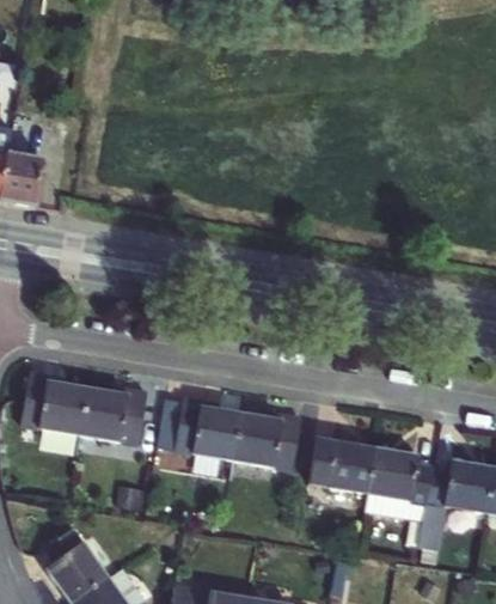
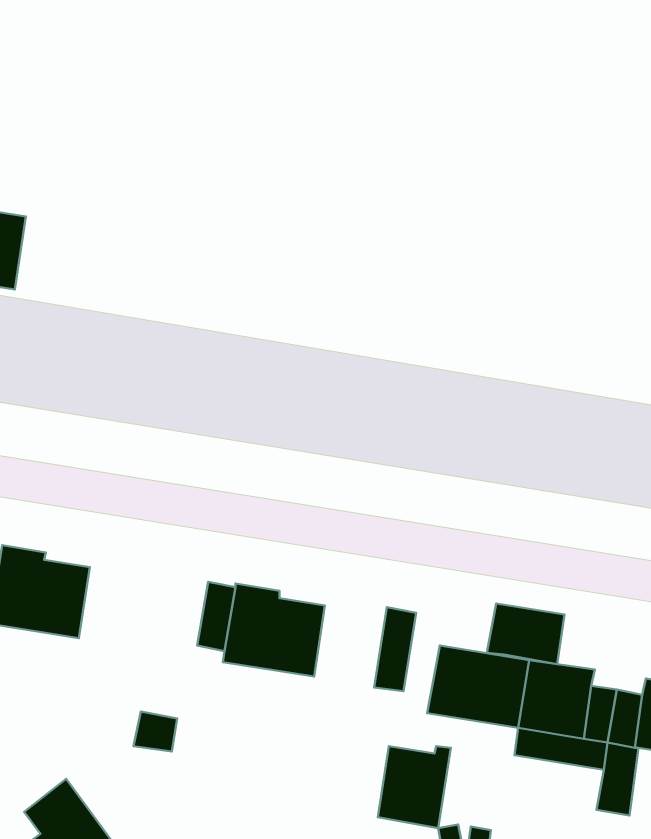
building: [80,388,148,445] -> none
building: none -> [487,603,564,664]
building: [234,413,282,466] -> [378,746,451,828]

